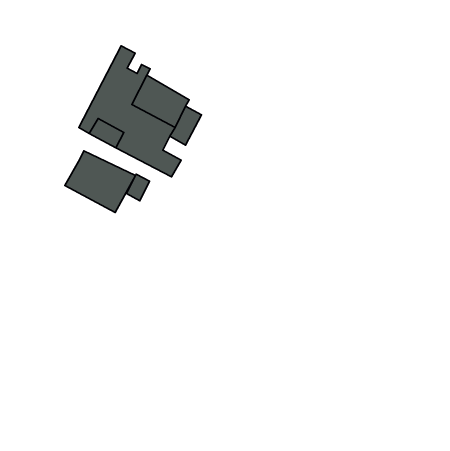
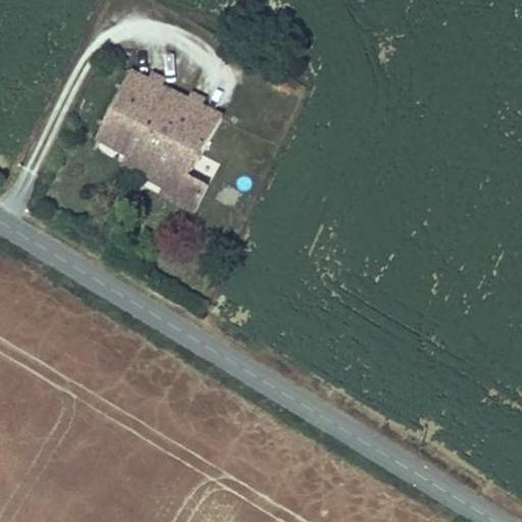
building: [65,151,135,213] -> none

